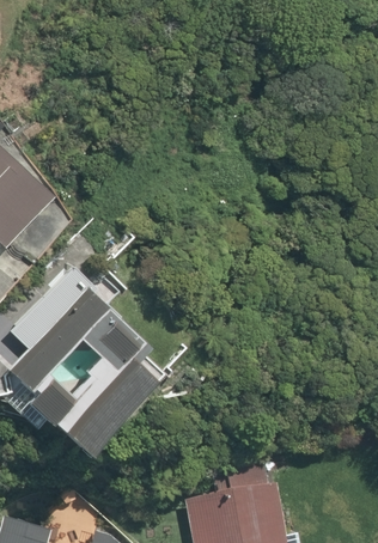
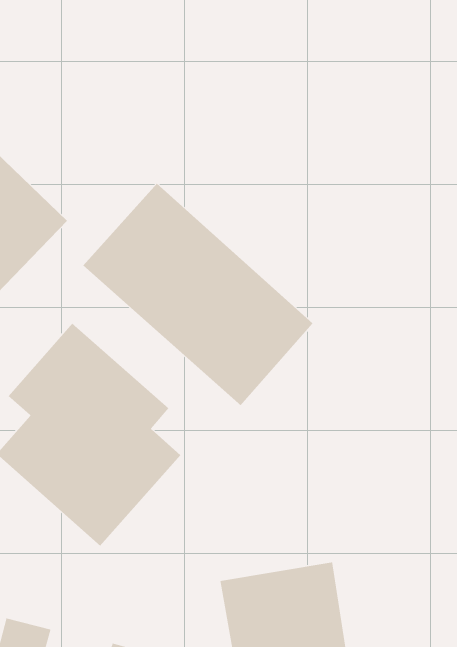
building: none -> [83,183,313,406]

